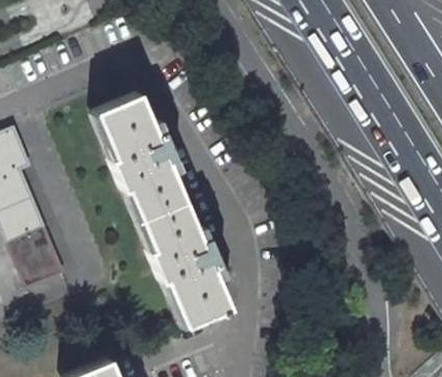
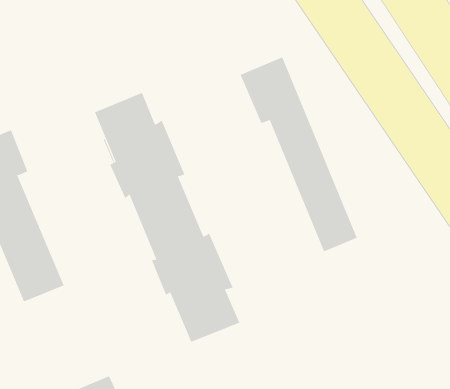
building: none -> [240,57,358,252]

